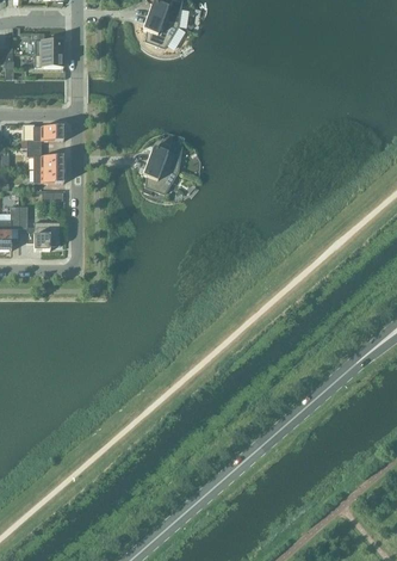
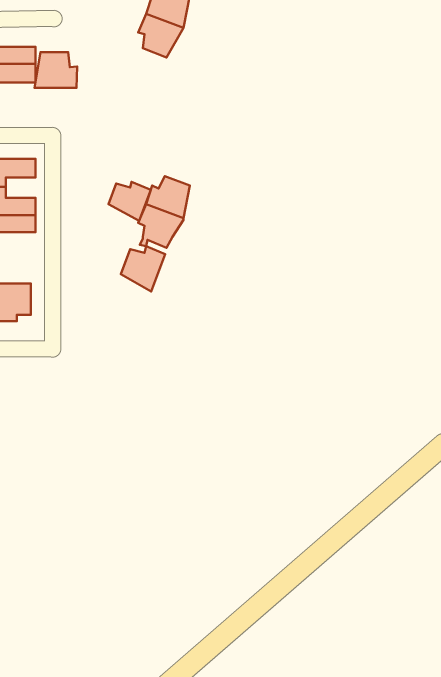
building: none -> [34,52,77,88]
building: none -> [109,182,151,221]
building: none -> [121,246,165,292]

